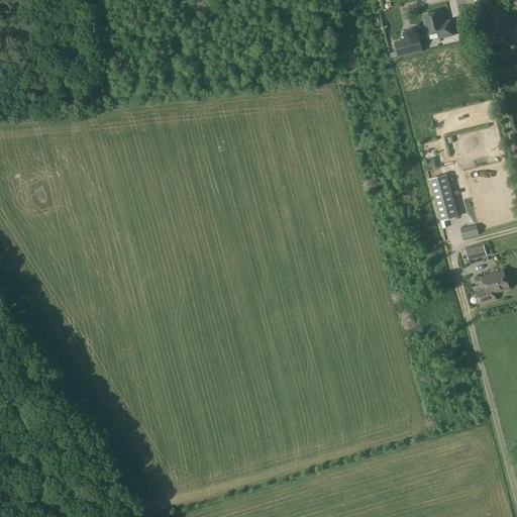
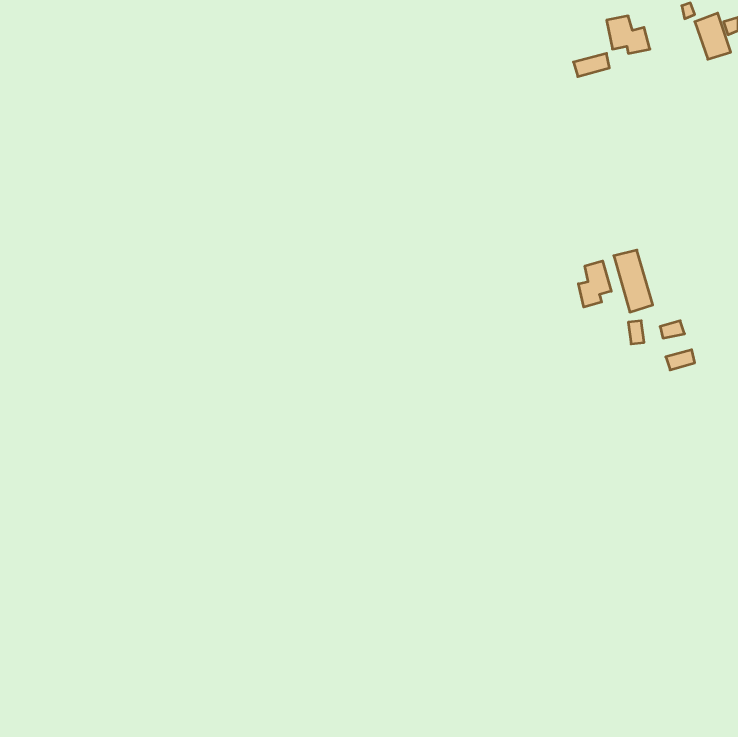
building: none -> [578,261,611,307]
building: [483,270,509,294] -> none

